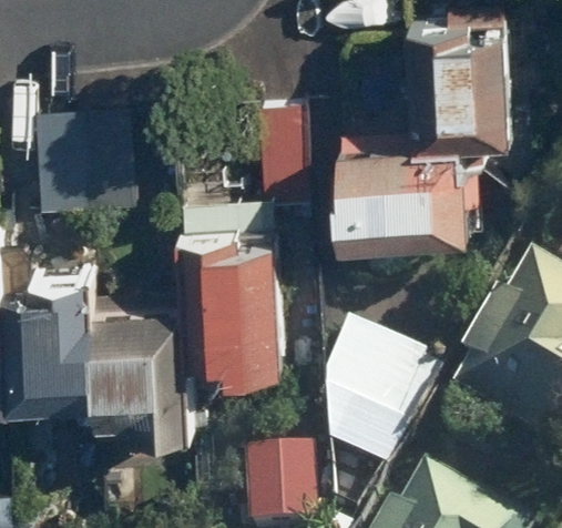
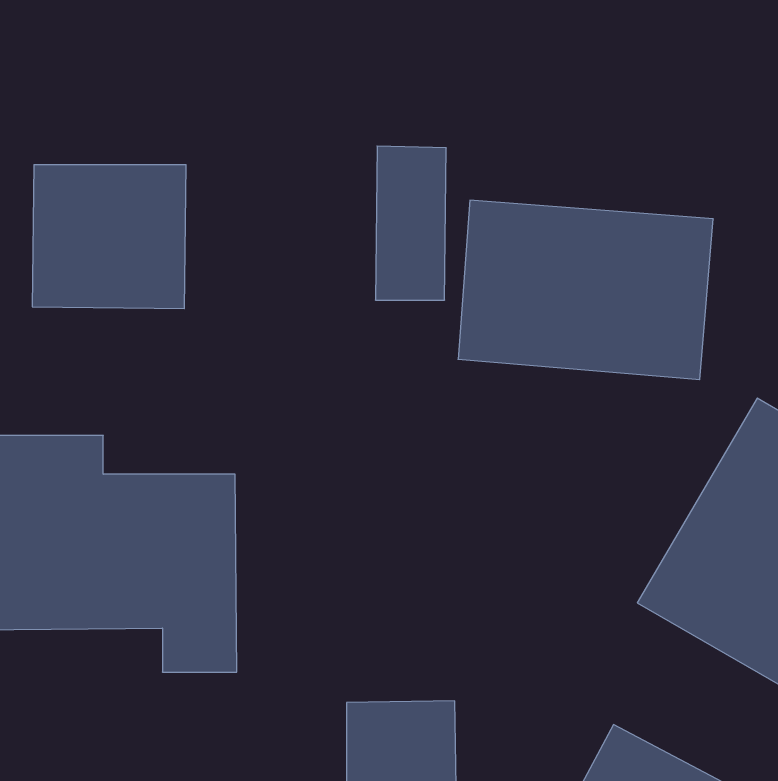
building: [400,17,520,146] -> none
building: [186,242,279,379] -> none
building: [296,328,438,481] -> none

